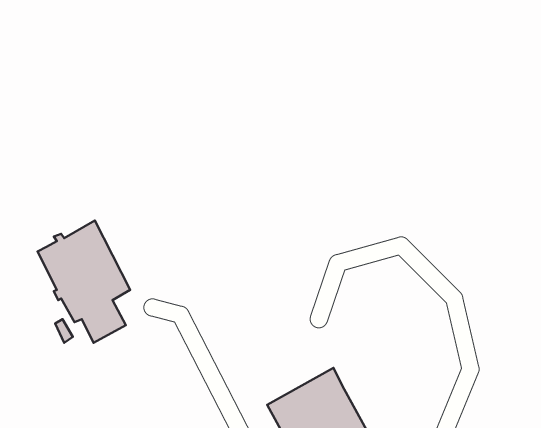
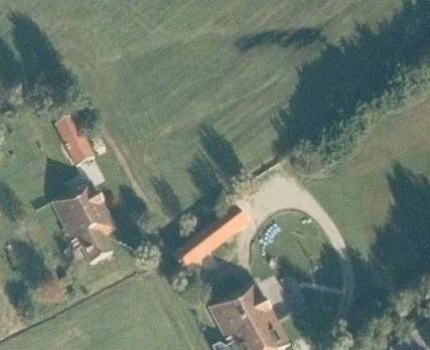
building: none -> [54,115,93,165]
building: none -> [171,206,248,271]

